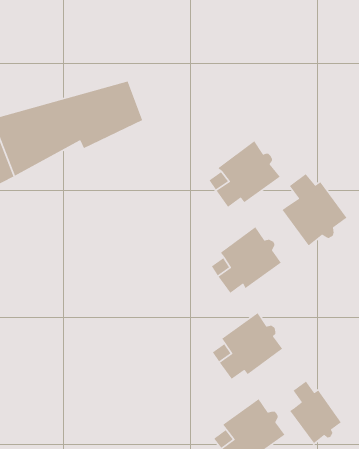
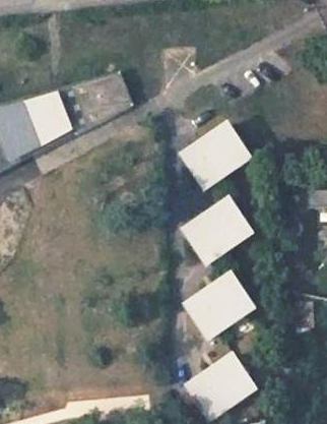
building: [282,173,347,246] -> none
building: [289,381,342,444] -> none

